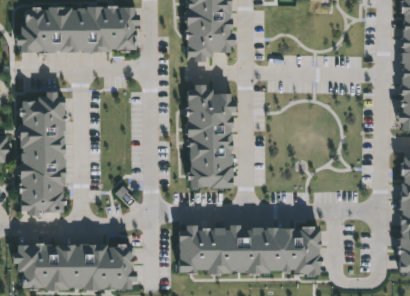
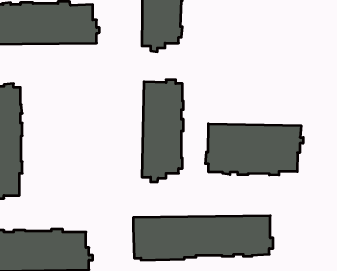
building: none -> [205,124,303,175]

